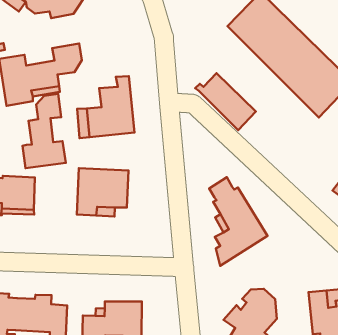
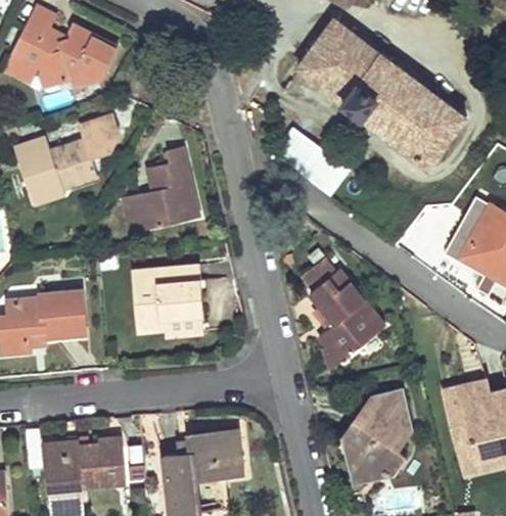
building: [23,94,66,168] -> none

